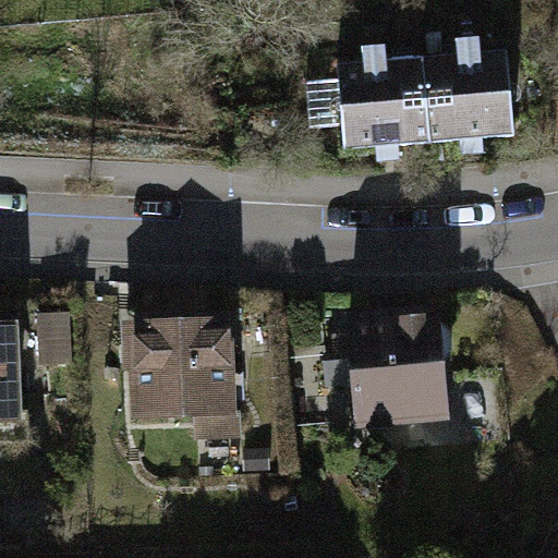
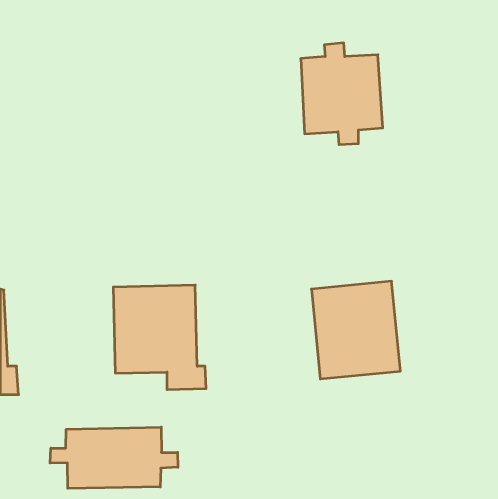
building: [423,39,513,156] -> none
building: none -> [50,427,178,488]

